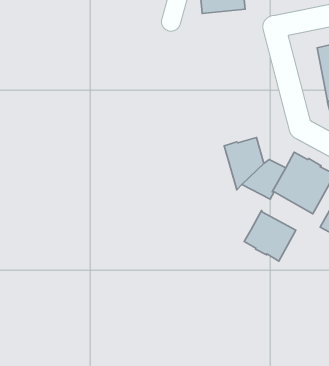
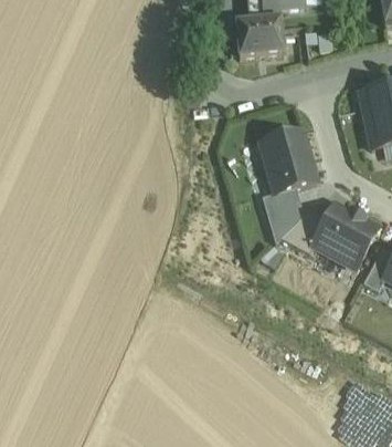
building: none -> [261,132,317,195]
building: [244,211,296,261] -> none

